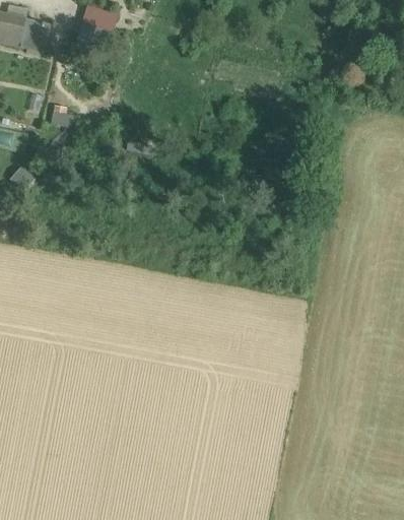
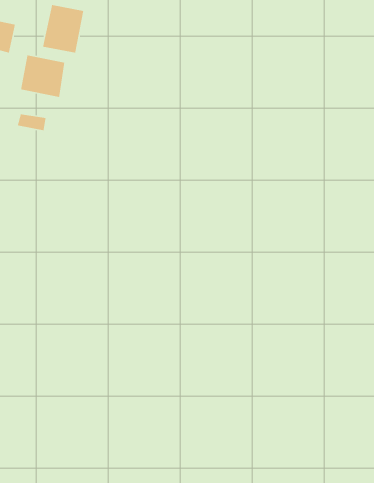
building: none -> [20,55,65,98]

